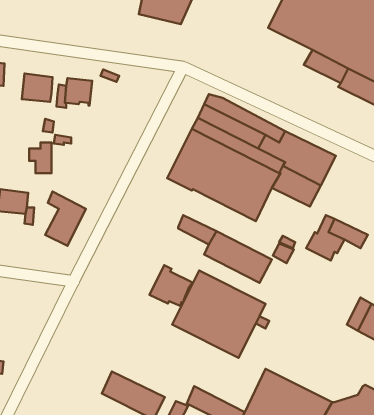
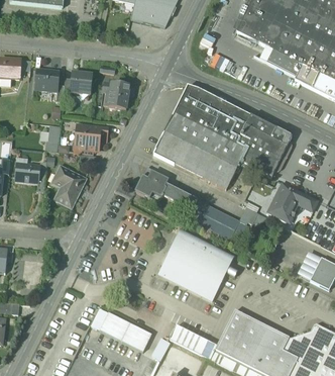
building: none -> [101,81,133,108]
building: none -> [76,124,107,149]
building: [149,265,192,306] -> [134,165,170,198]

